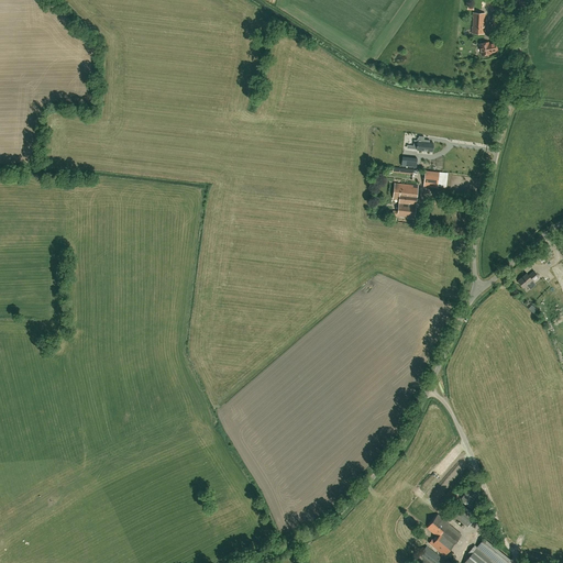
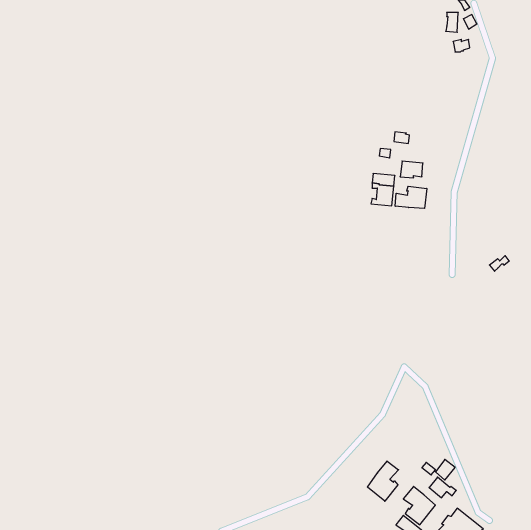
building: none -> [395,186,427,208]
building: none -> [367,461,399,501]

